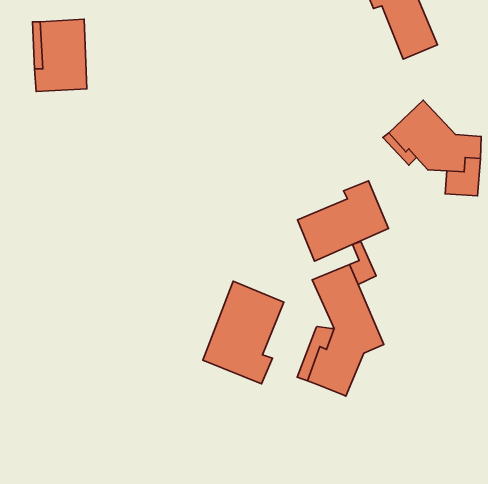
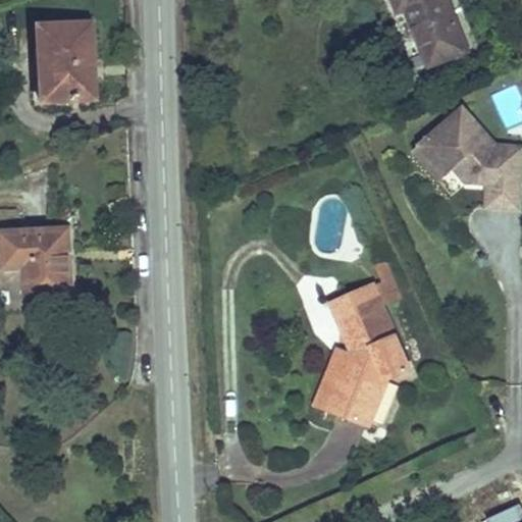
building: [297,181,388,261] -> none
building: none -> [4,227,73,299]
building: [203,281,284,384] -> none

